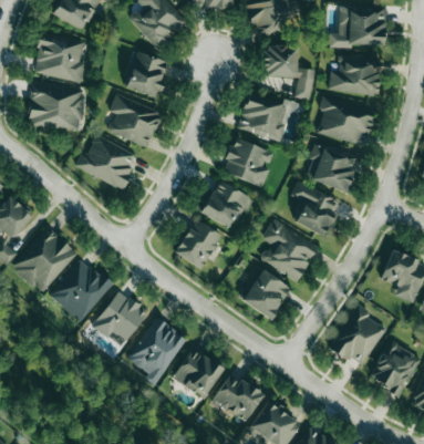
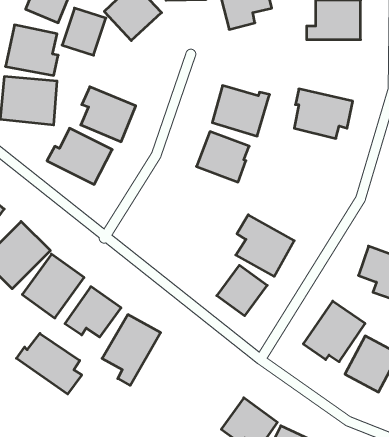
building: [262,48,312,100] -> none
building: [125,52,168,99] -> [62,8,106,55]
building: [329,55,381,96] -> none
building: [306,143,359,194] -> none
building: [200,180,248,229] -> none
building: [290,183,339,238] -> none
building: [174,219,223,270] -> none
building: none -> [16,333,82,394]
building: [172,348,224,399] -> none
building: [213,374,263,422] -> none

